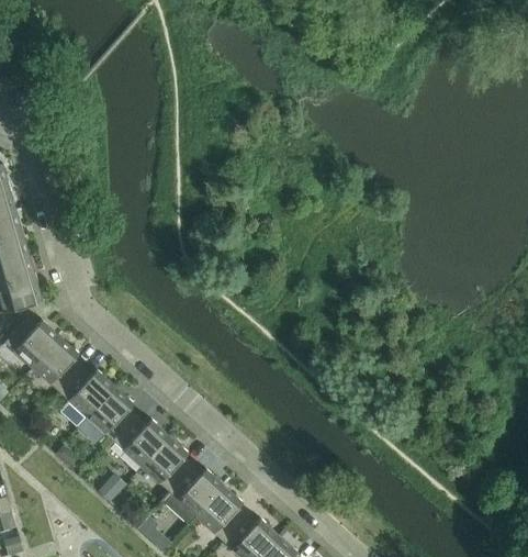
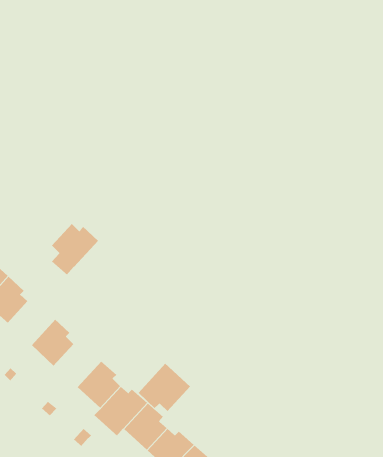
building: [58,366,114,427] -> [51,223,99,275]
building: [112,416,168,467] -> none
building: none -> [138,363,191,412]

